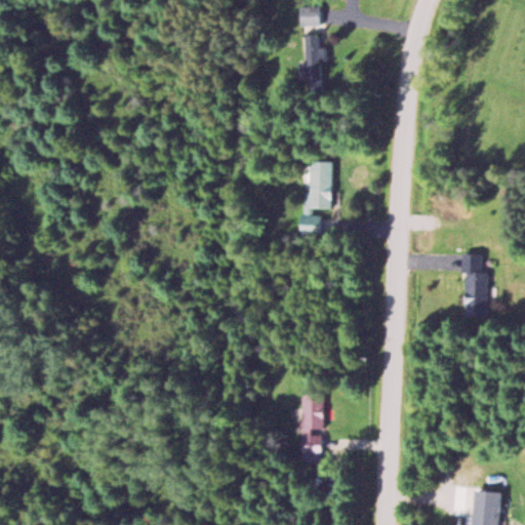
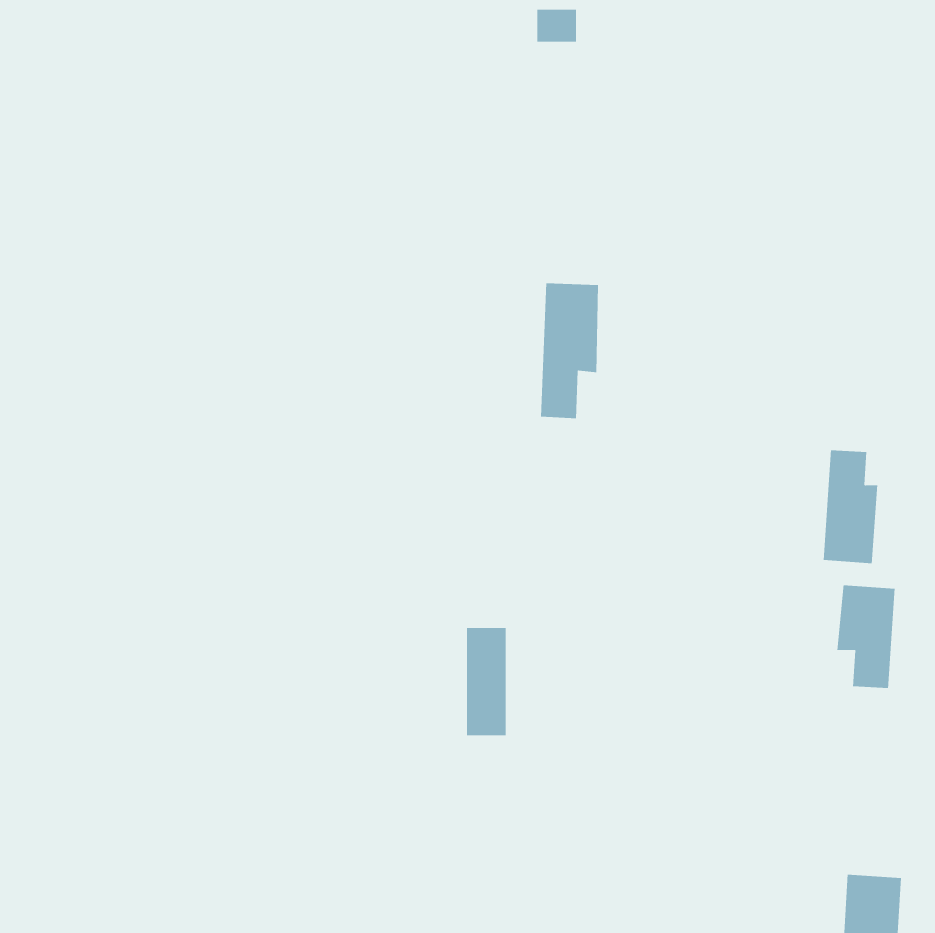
building: none -> [837,585,895,689]
building: [301,395,324,455] -> [466,627,506,736]

